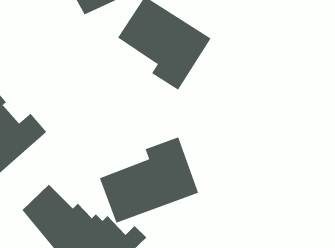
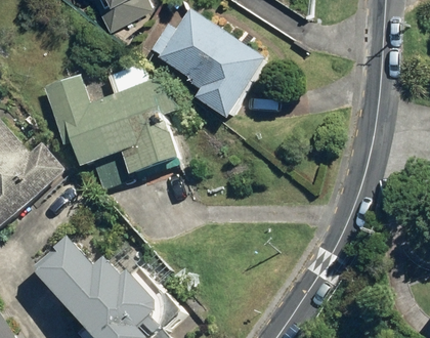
building: none -> [40,57,177,177]
building: [99,137,199,224] -> none

